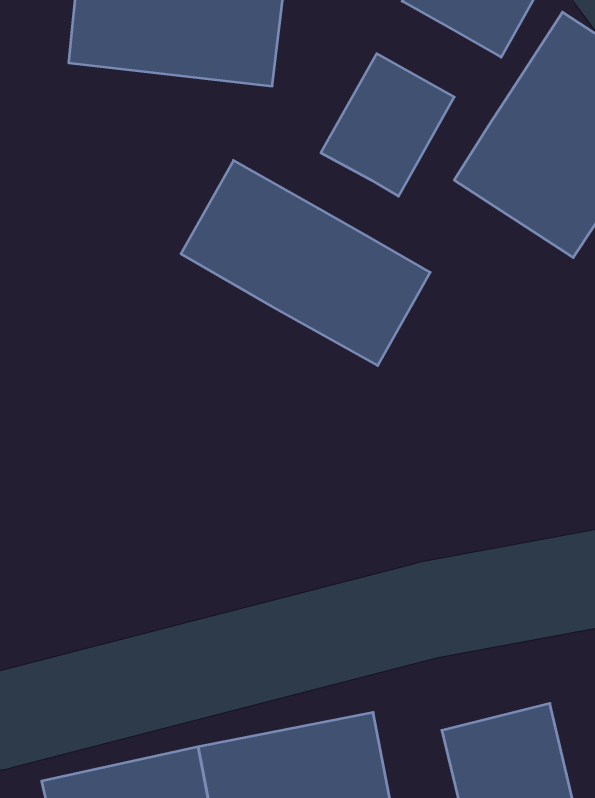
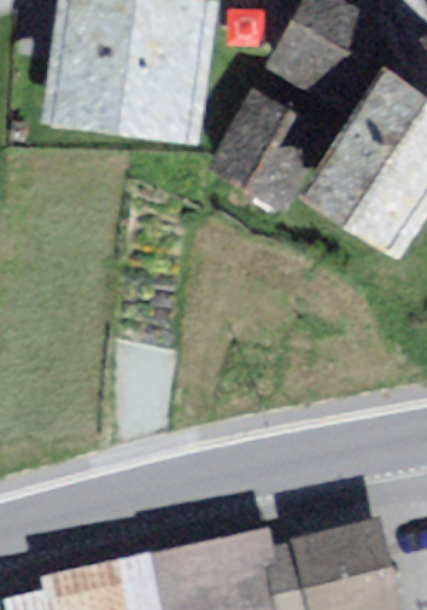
building: [181,160,430,366] -> none

